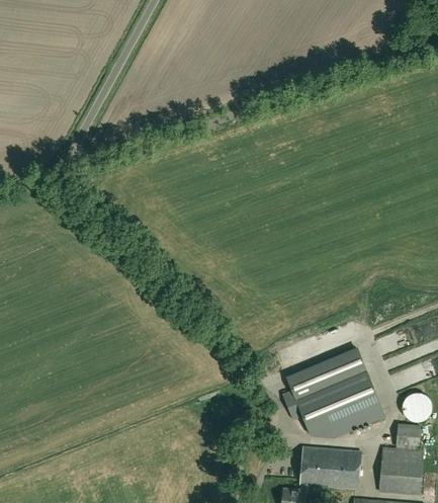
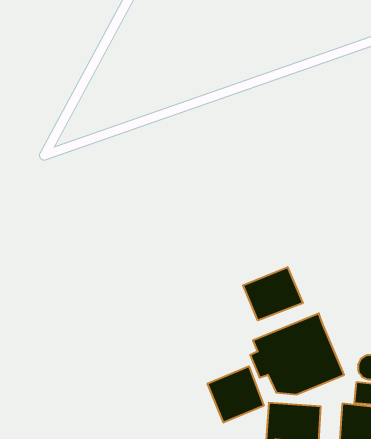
building: none -> [243,267,303,320]
building: none -> [208,366,264,423]

